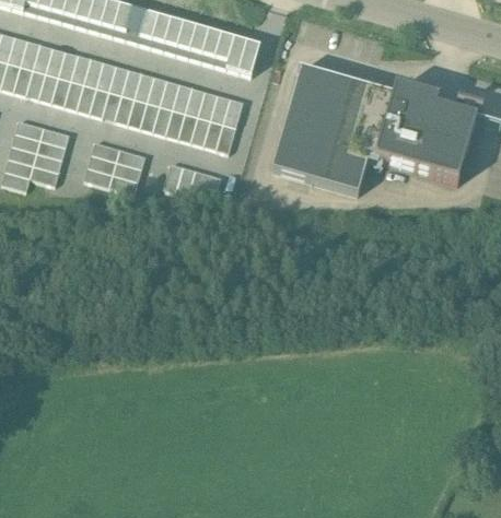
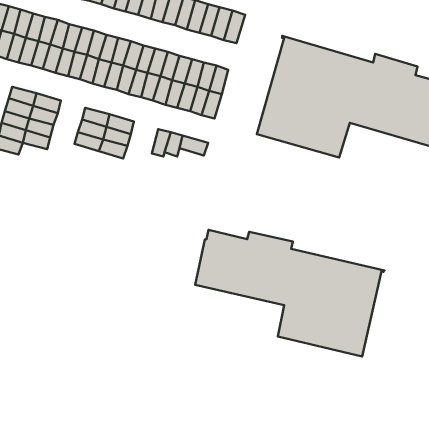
building: none -> [195,230,385,357]

